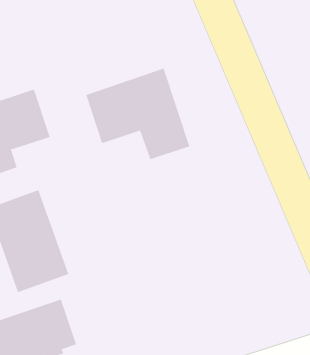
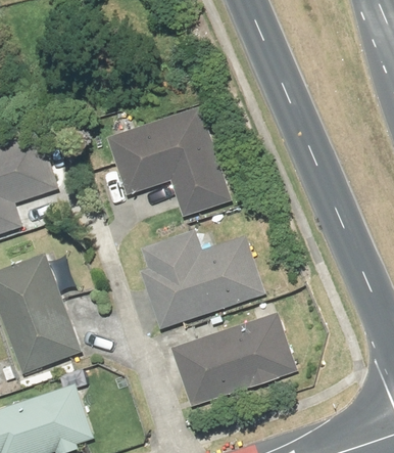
building: none -> [140,228,265,327]
building: none -> [170,312,297,407]

